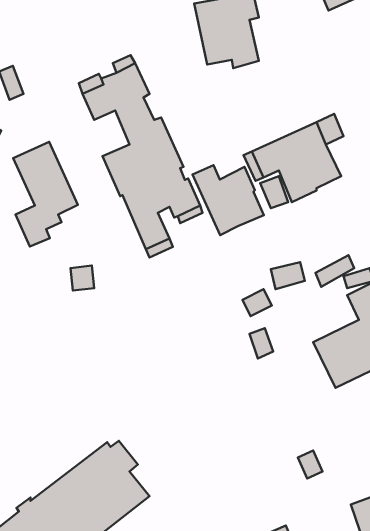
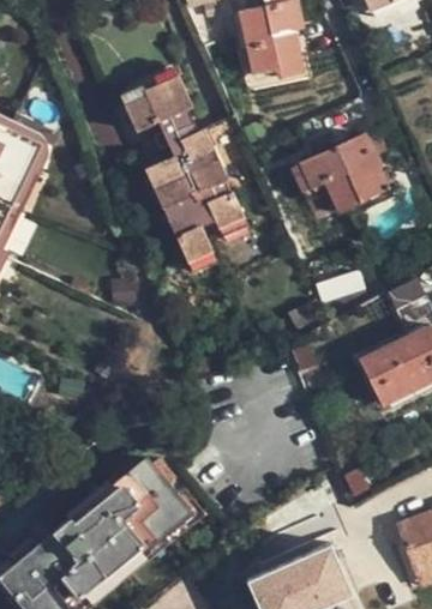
building: [13,142,78,246] -> none
building: [193,165,264,235] -> none

